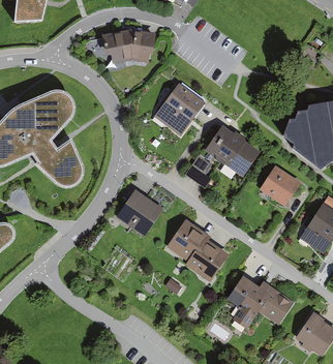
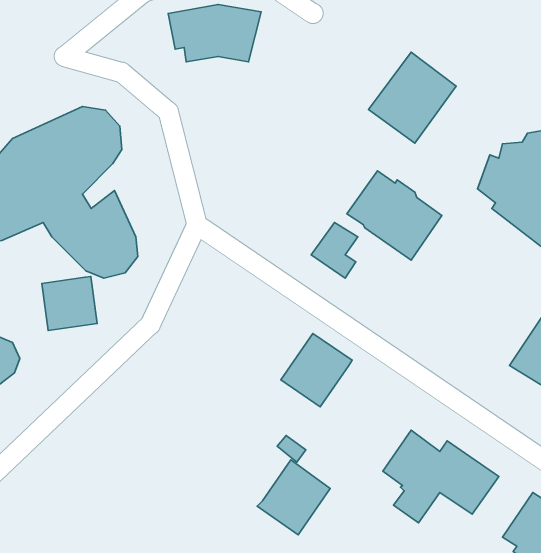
building: [153,83,204,135] -> [368,52,456,143]
building: [261,166,299,205] -> none
building: none -> [42,276,97,330]
building: [116,189,162,236] -> none
building: [186,238,229,281] -> [257,460,330,535]

